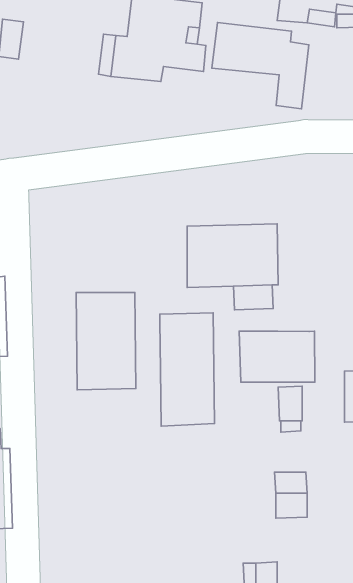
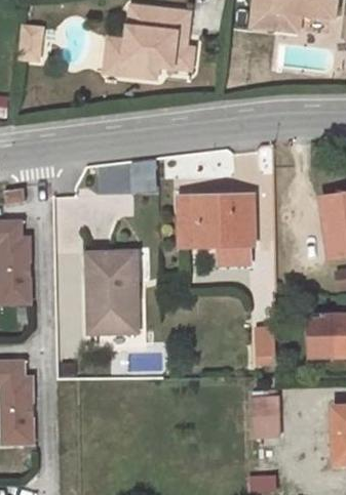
building: [212,23,309,109] -> none
building: [160,313,215,426] -> none
building: [239,331,315,382] -> none

